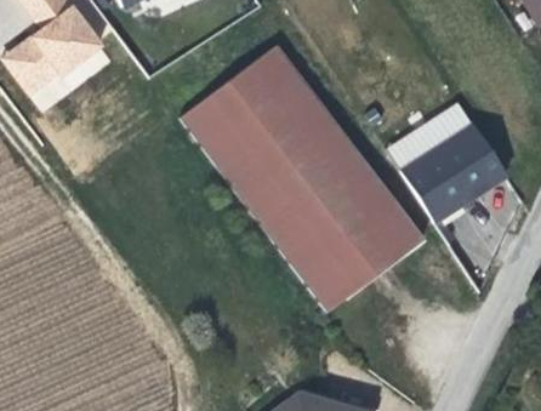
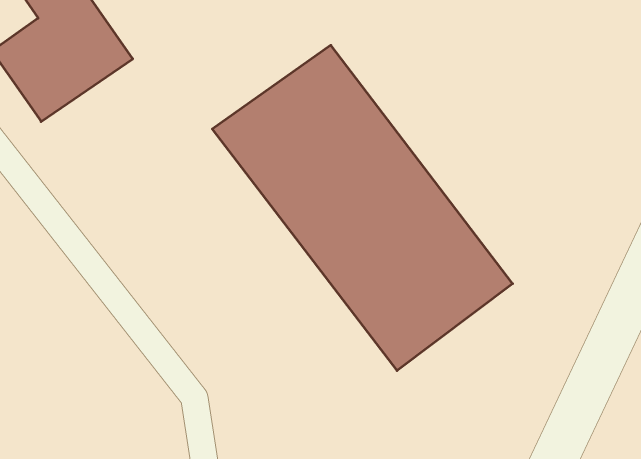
building: [387,98,511,222] -> none

